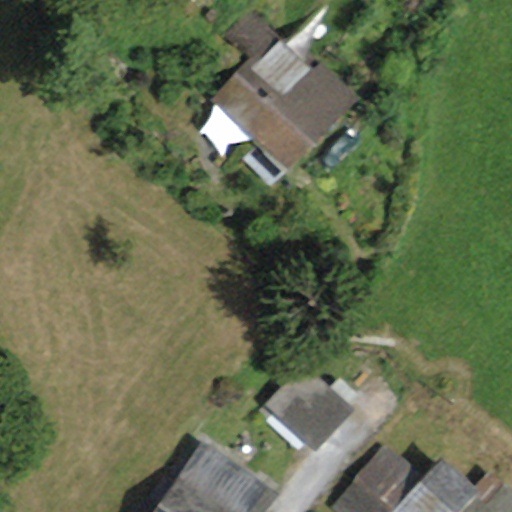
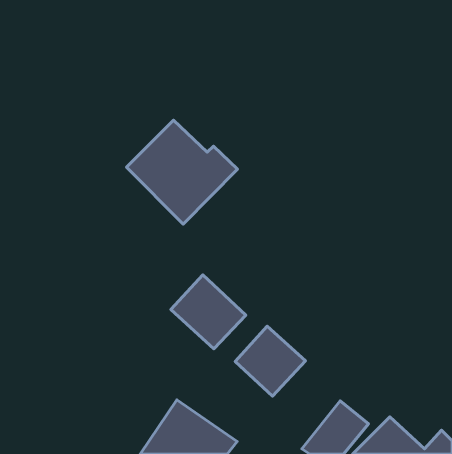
building: [220,46,345,163] -> [126,120,237,224]
building: none -> [171,275,246,349]

